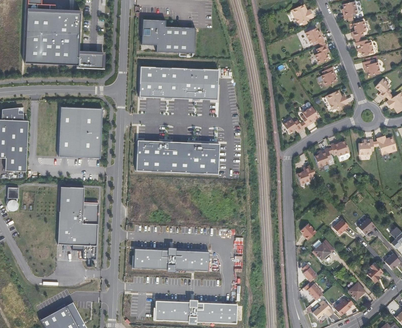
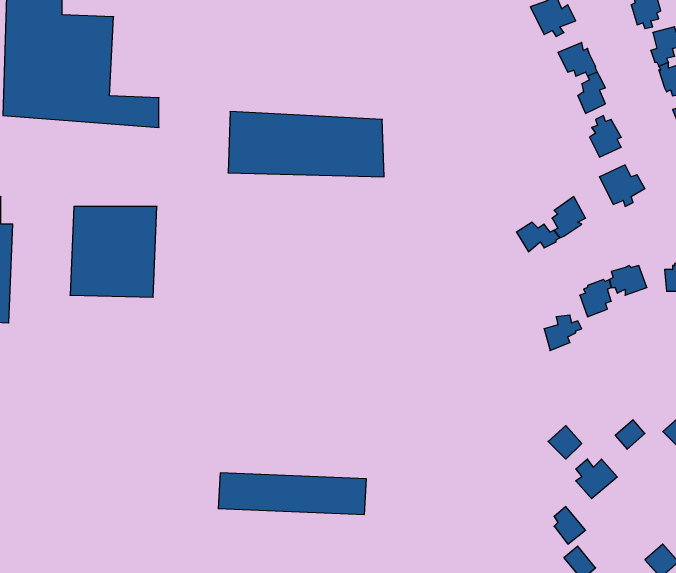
building: [140,21,195,54] -> none
building: [132,145,213,178] -> none
building: [58,186,104,243] -> none

